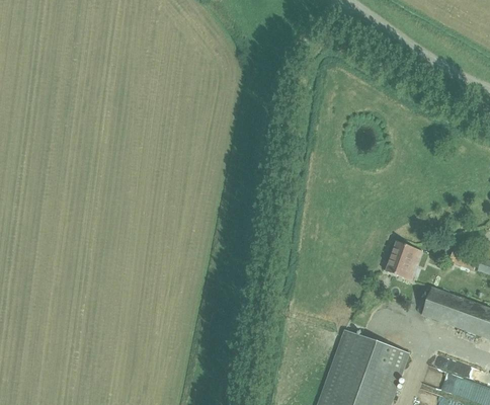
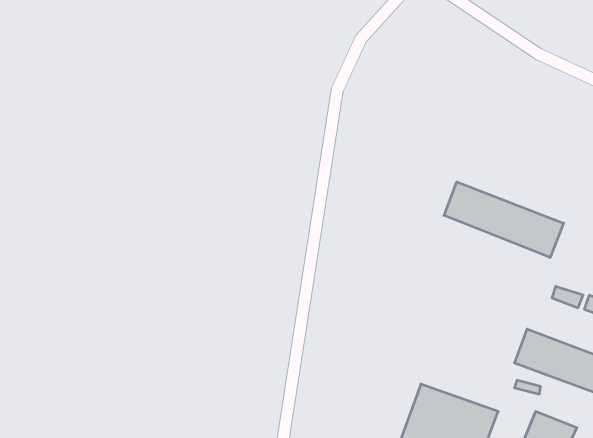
building: none -> [444,182,564,258]
building: [386,242,423,280] -> none

